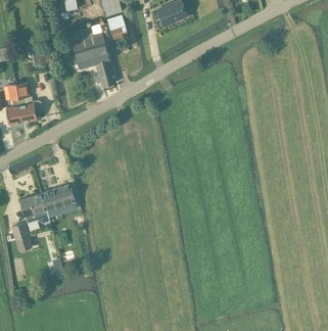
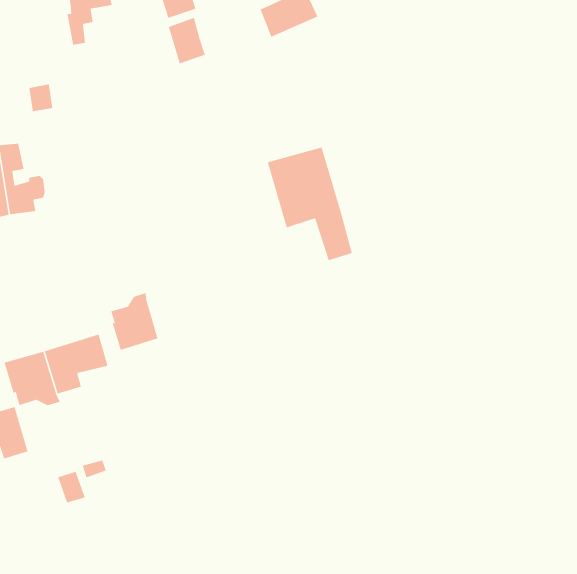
building: [69,26,115,87] -> [267,147,353,261]
building: none -> [110,292,159,351]

